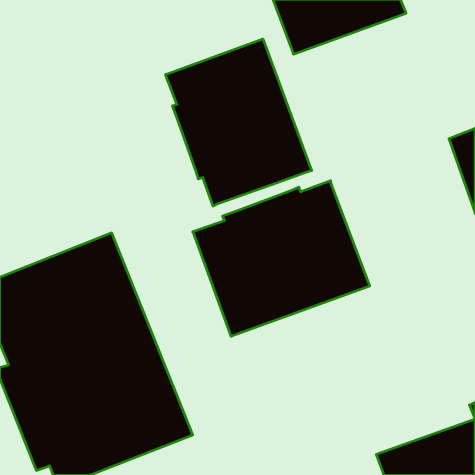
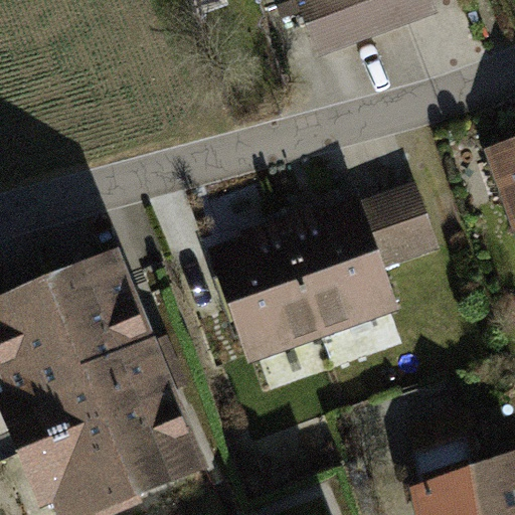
building: [166,39,312,206] -> none
building: none -> [358,178,441,269]

